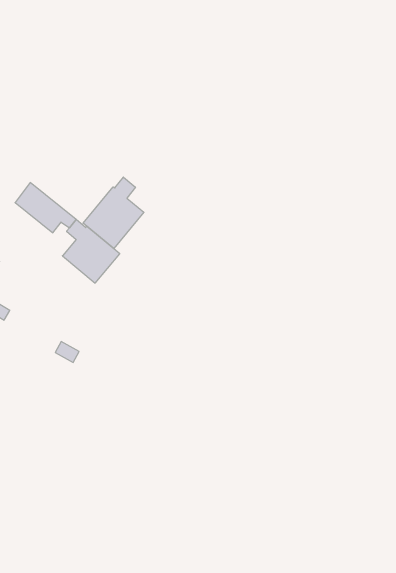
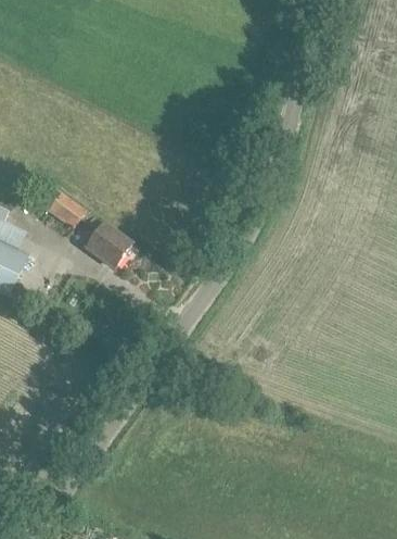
building: [83,177,144,249] -> none

